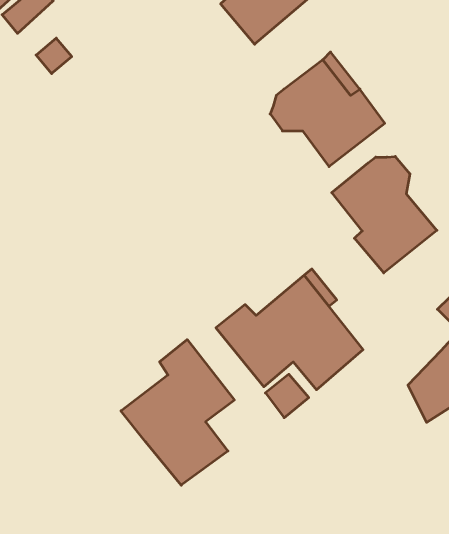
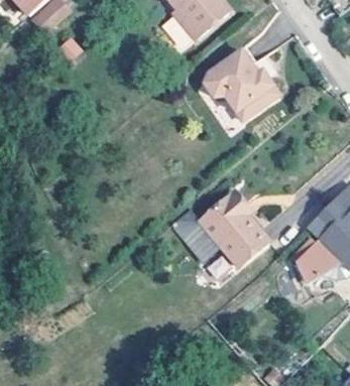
building: [332,156,437,273] -> none
building: [121,340,234,485] -> none

